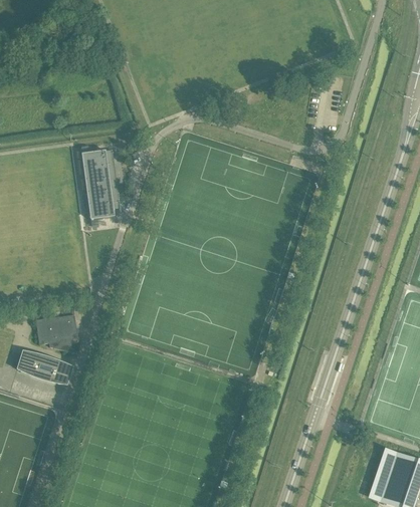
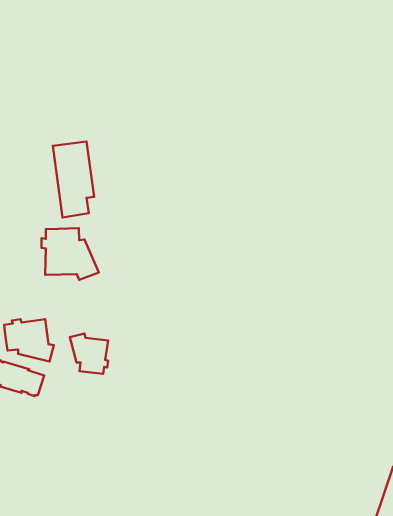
building: none -> [42,228,99,280]
building: none -> [70,334,108,374]

